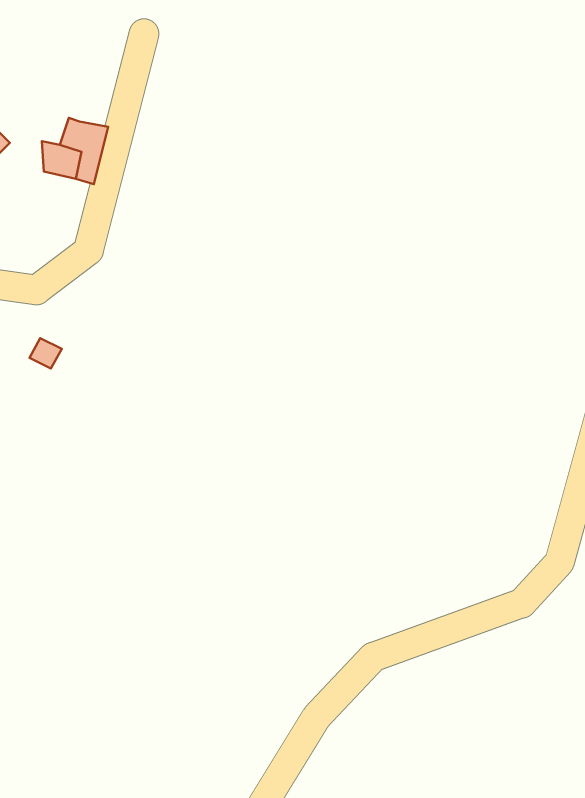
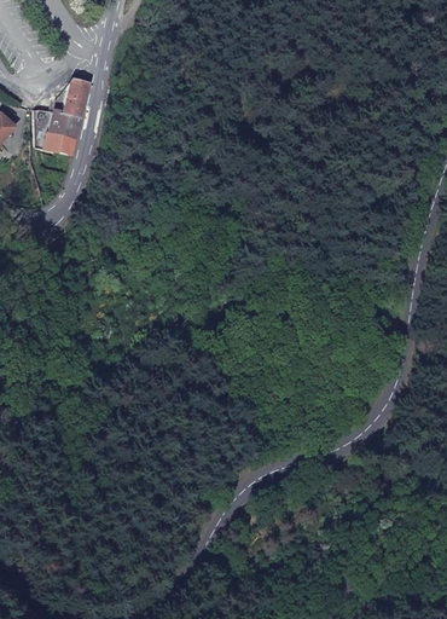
building: none -> [60,77,88,116]

